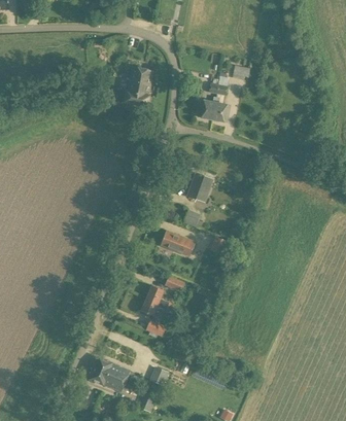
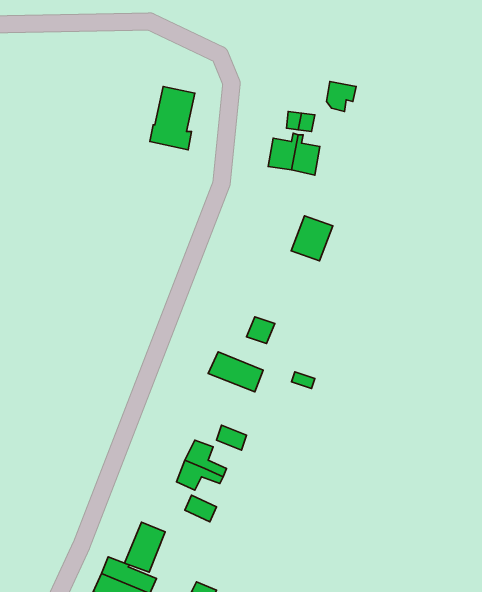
building: [187,173,213,201] -> [291,216,333,261]
building: none -> [125,522,165,572]

